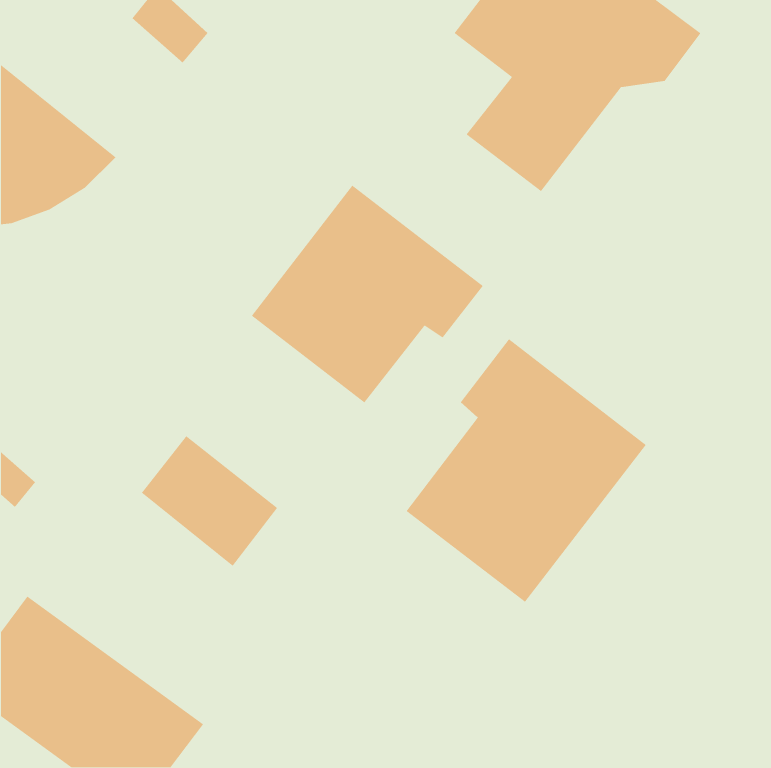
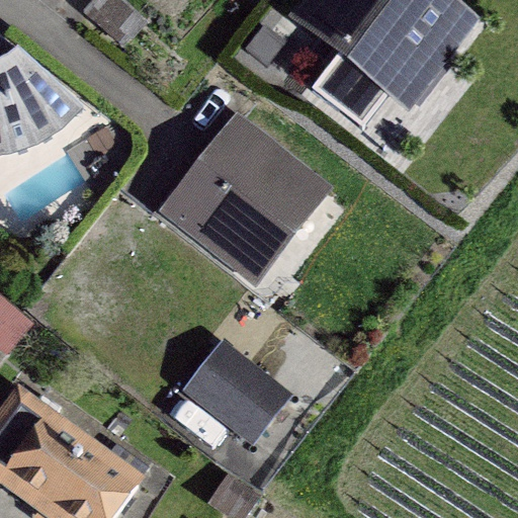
building: [406,338,647,603] -> none
building: [141,435,278,567] -> [192,350,284,438]

